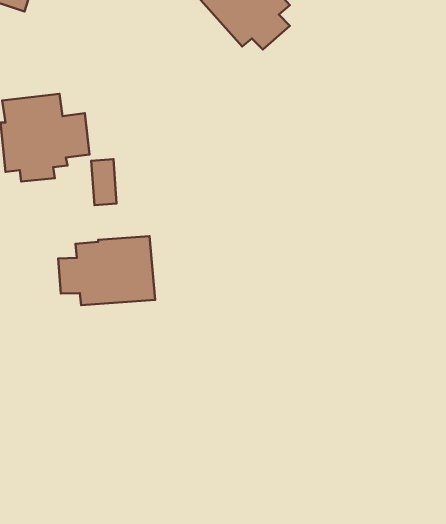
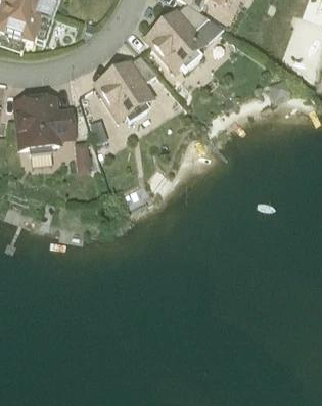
building: none -> [96,59,151,119]
building: [58,236,155,305] -> none

